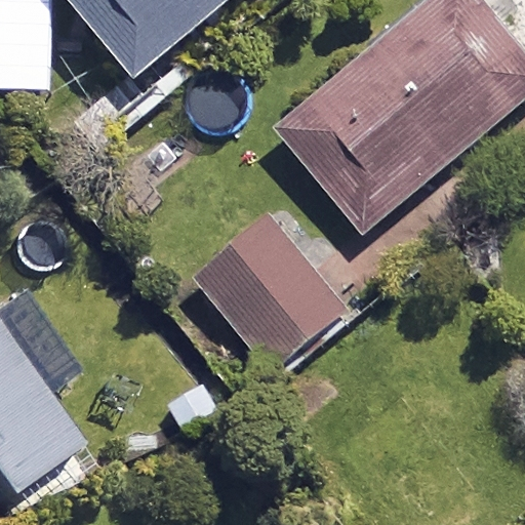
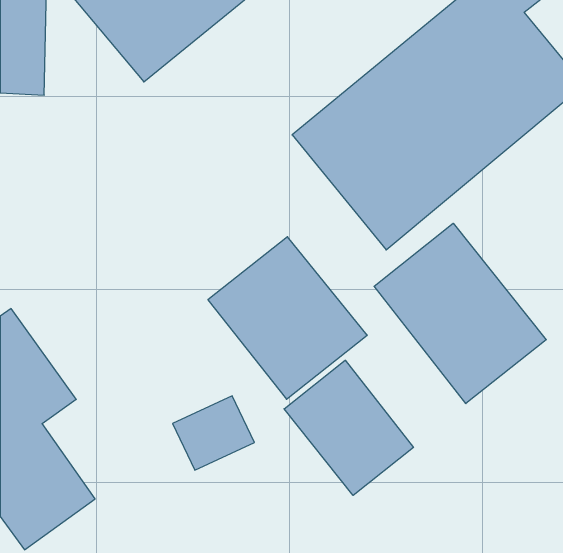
building: none -> [374,223,546,404]
building: none -> [284,360,413,495]

